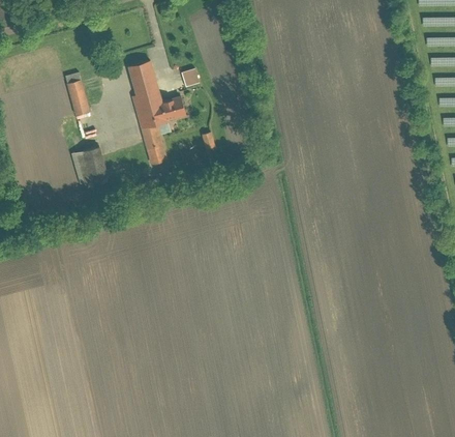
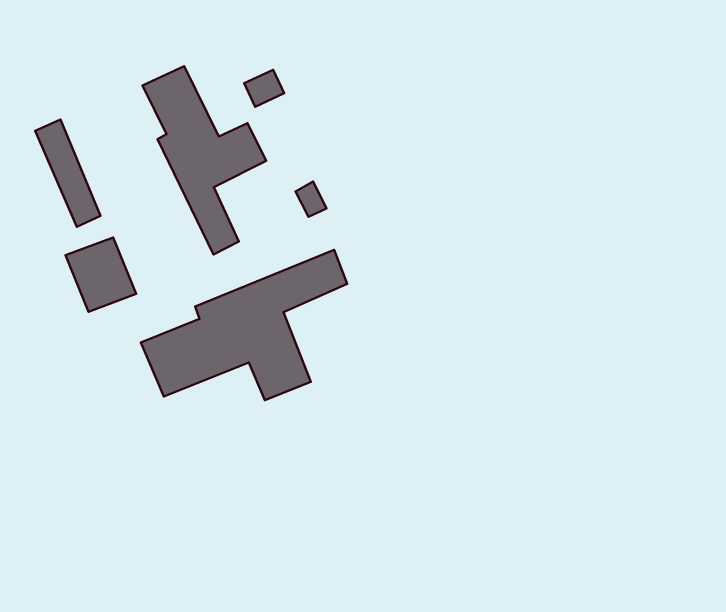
building: none -> [141,250,347,400]

